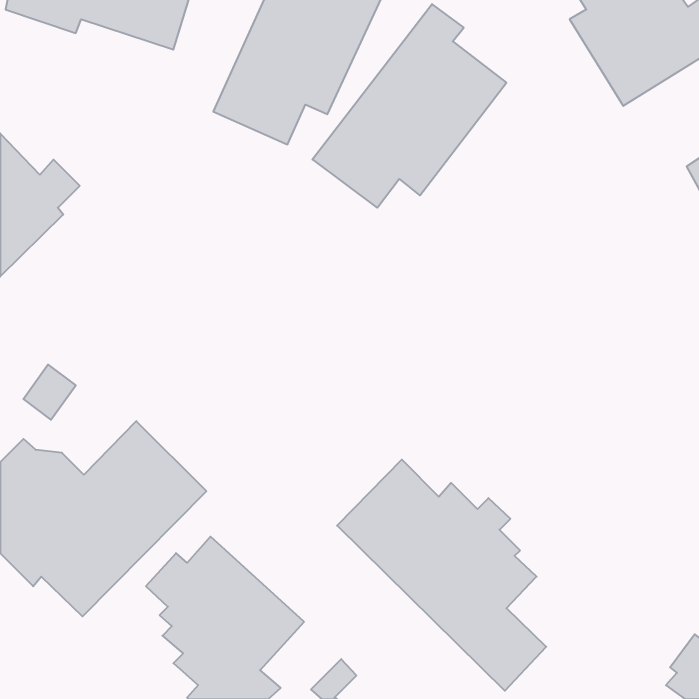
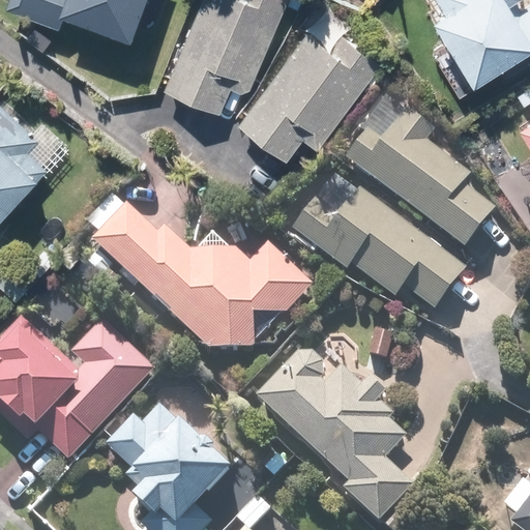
building: none -> [346,94,496,249]
building: none -> [294,172,467,311]
building: none -> [88,197,315,350]

